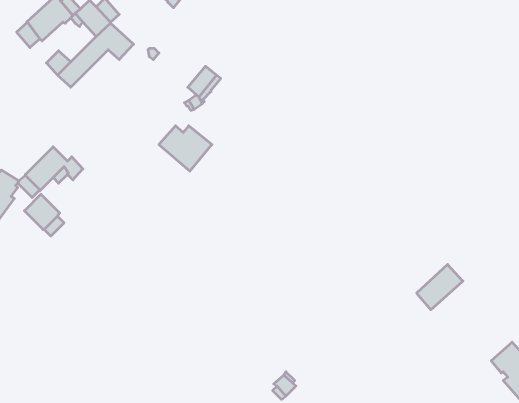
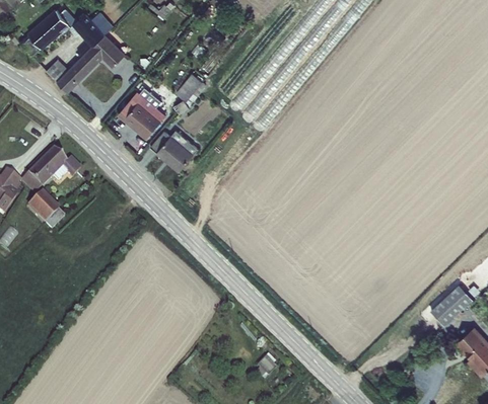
building: none -> [118,91,165,139]
building: [417,264,463,310] -> [431,284,474,325]

